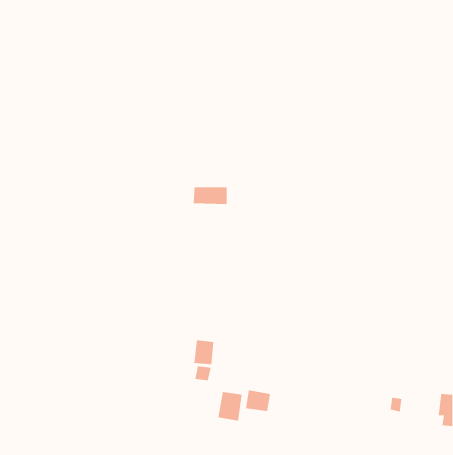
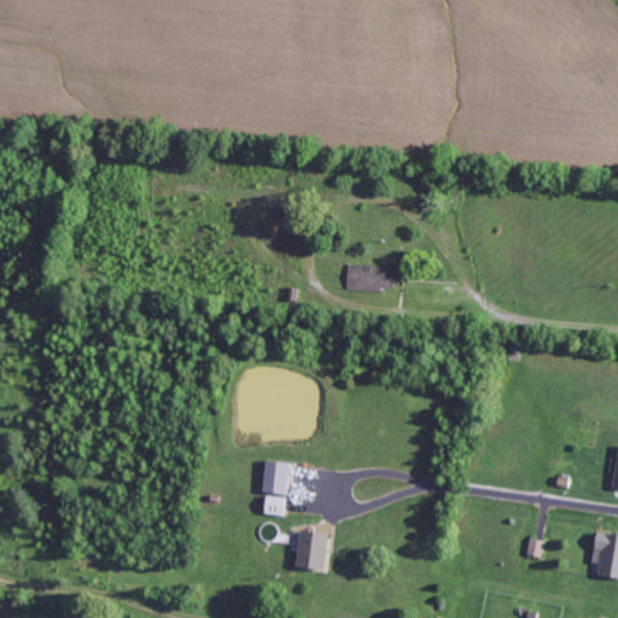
building: [193,187,228,205] -> [348,267,395,291]
building: [245,390,270,412] -> none

